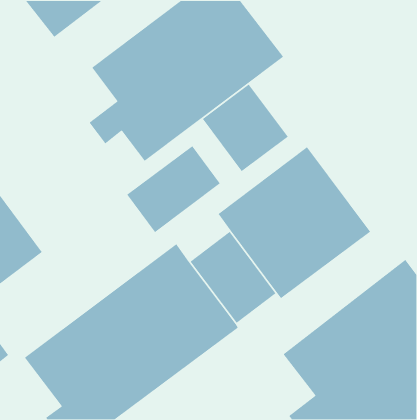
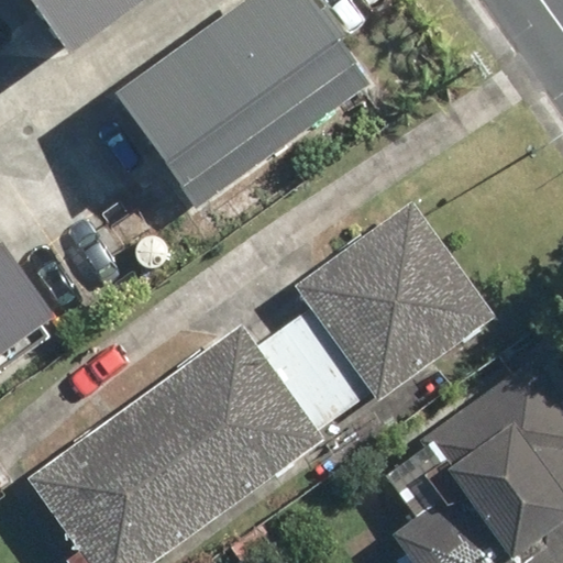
building: [202,84,289,172] -> none
building: [126,145,221,233] -> none

